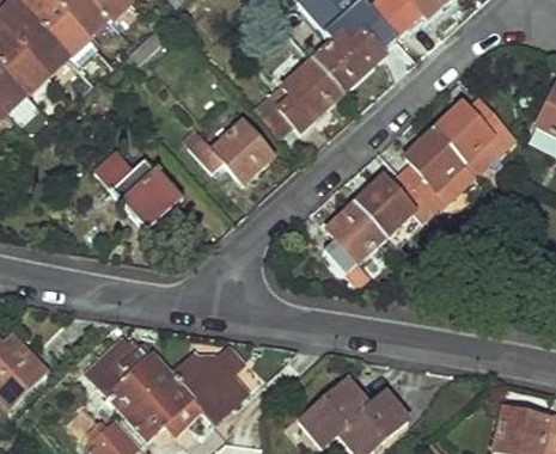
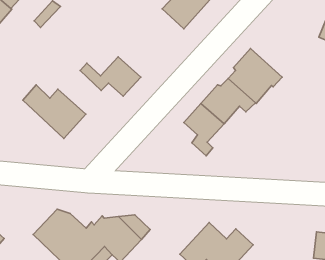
building: [253,60,340,135] -> none
building: [434,100,513,178] -> none

